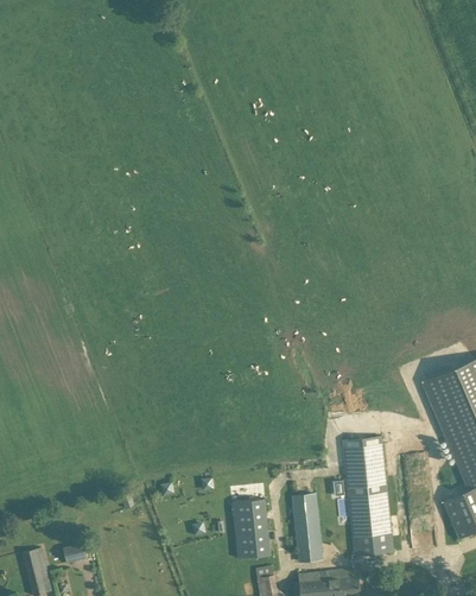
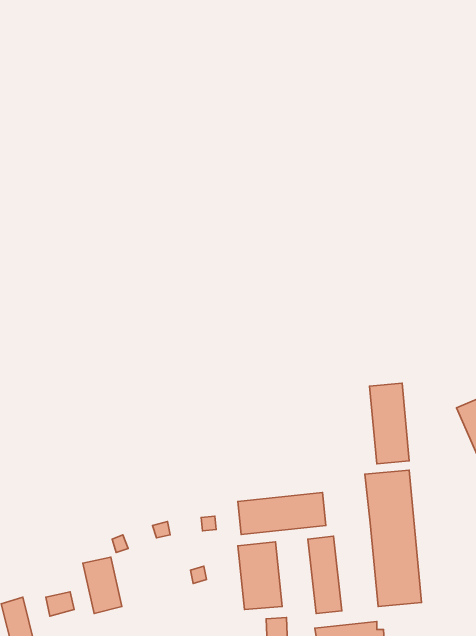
building: none -> [370,383,409,464]
building: none -> [238,493,326,534]
building: none -> [83,557,122,614]

